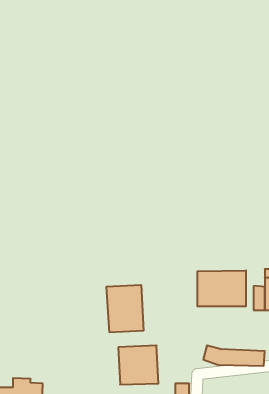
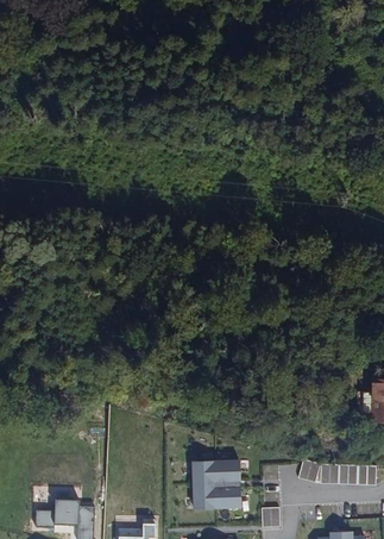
building: [197,270,246,306] -> none
building: [106,285,143,332] -> none

